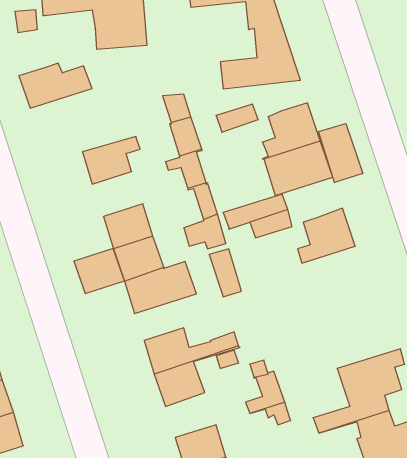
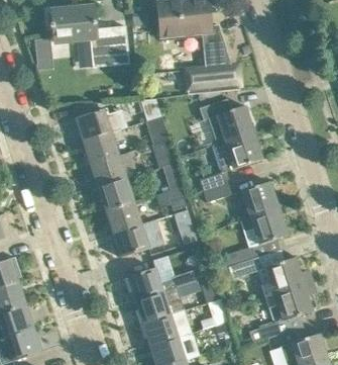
building: [19,63,92,108] -> [75,108,127,141]
building: [319,124,363,183] -> none
building: none -> [240,208,287,245]
building: [74,249,124,294] -> [90,155,126,187]
building: none -> [227,250,311,296]
building: none -> [142,310,192,346]

